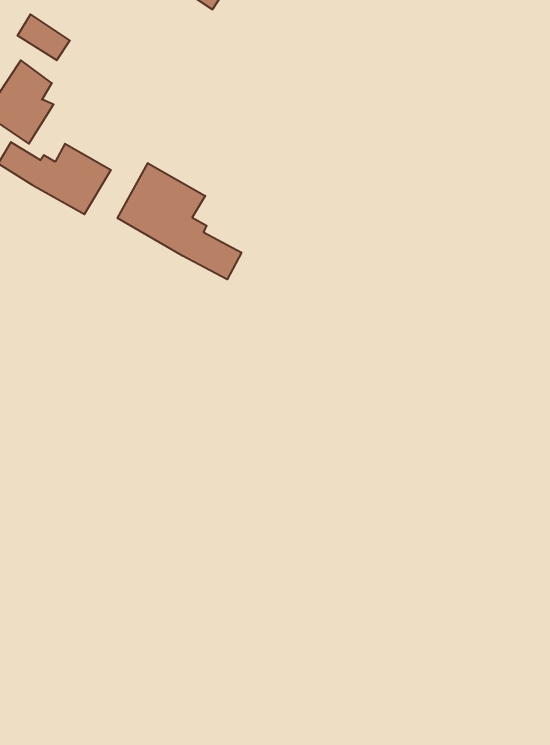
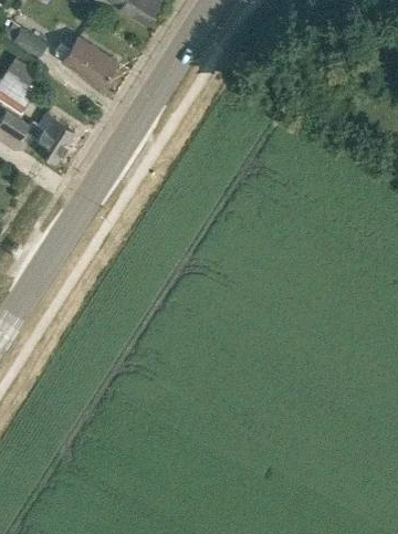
building: none -> [54,35,114,85]
building: [118,163,241,279] -> none

